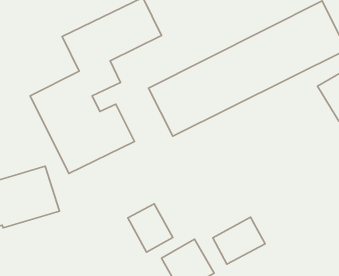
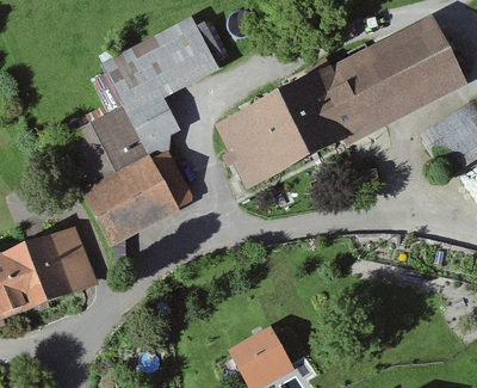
building: [128,204,173,252] -> none
building: [213,217,265,264] -> none

